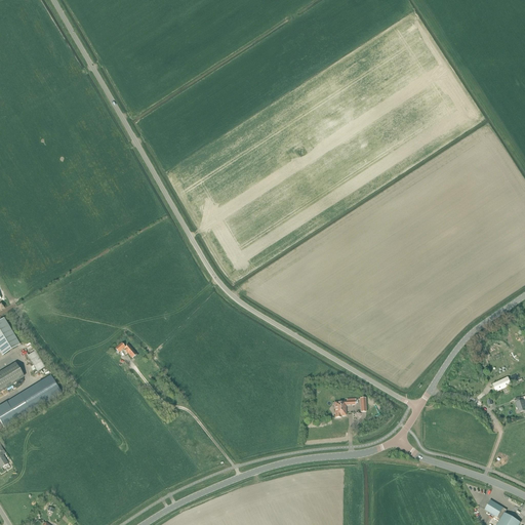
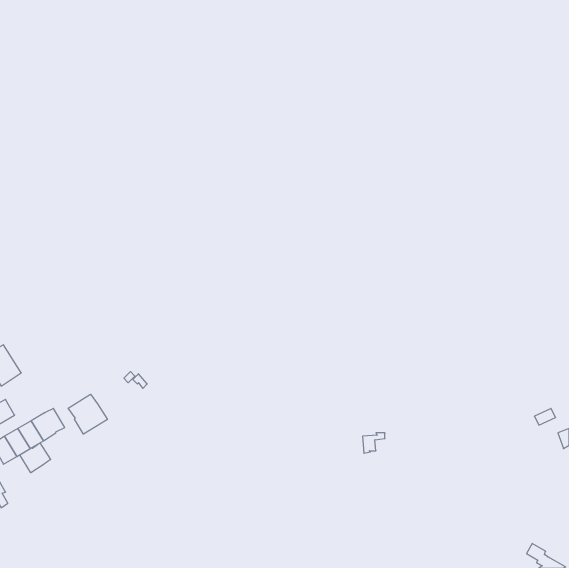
building: none -> [68,394,107,434]
building: none -> [20,443,51,473]

